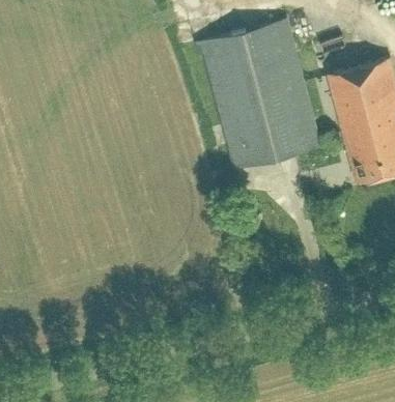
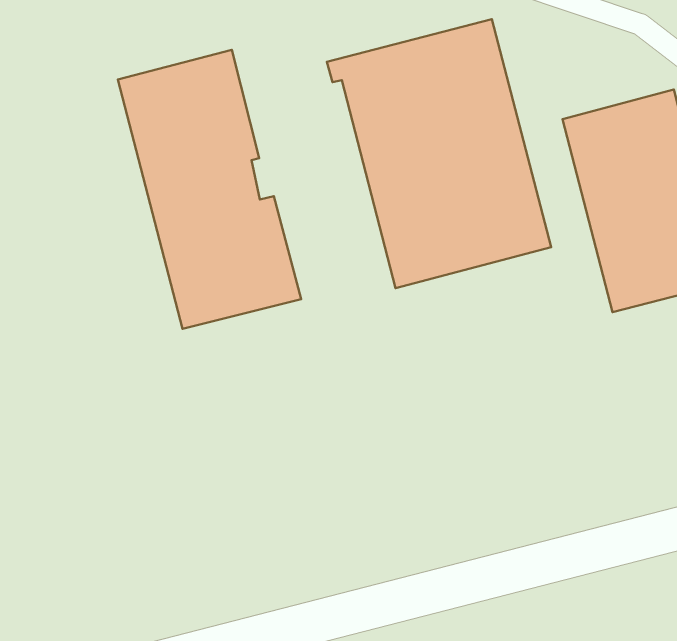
building: none -> [118,50,301,329]

